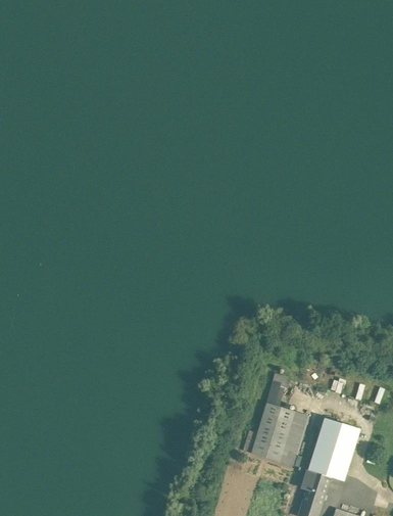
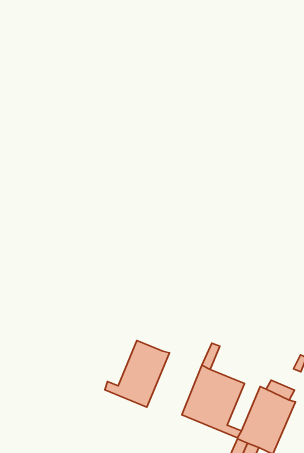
building: none -> [105,340,170,407]

